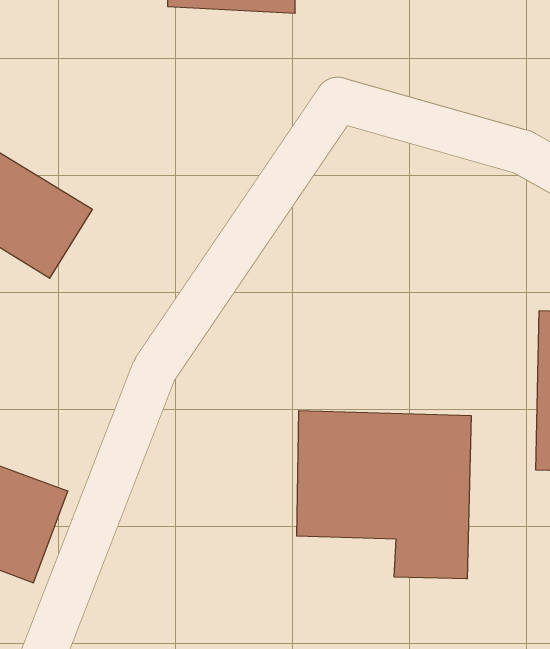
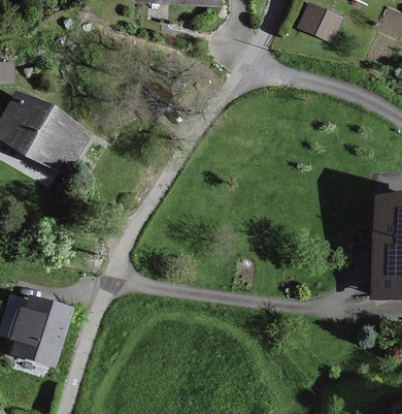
building: none -> [295,6,337,45]
building: [297,411,471,579] -> none

